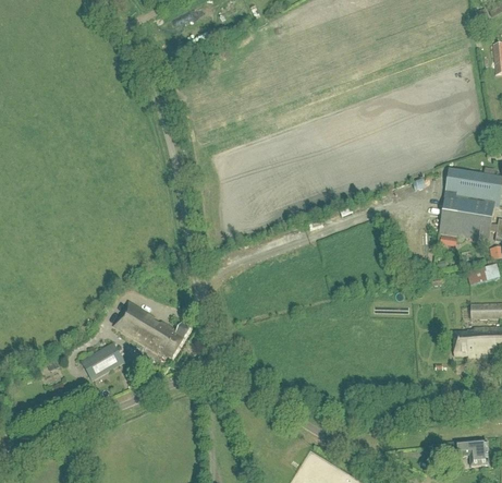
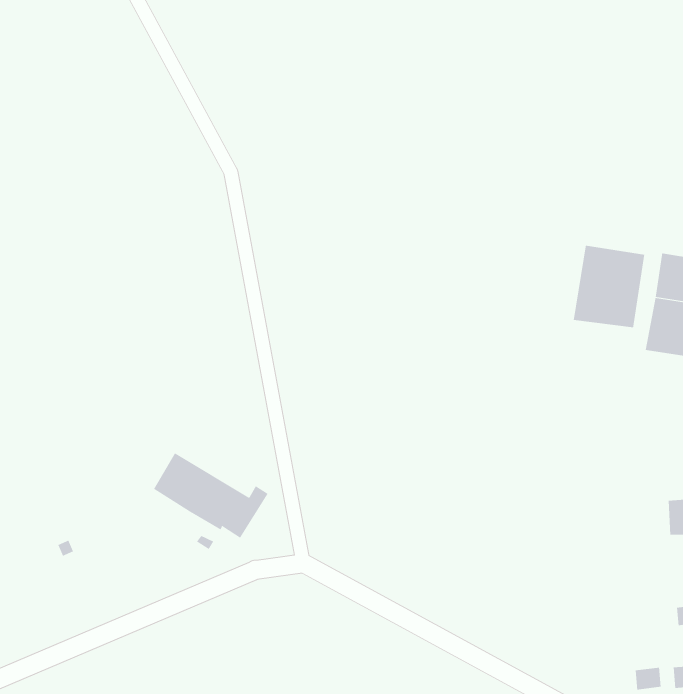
building: none -> [573,245,645,328]
building: [81,342,123,381] -> none

